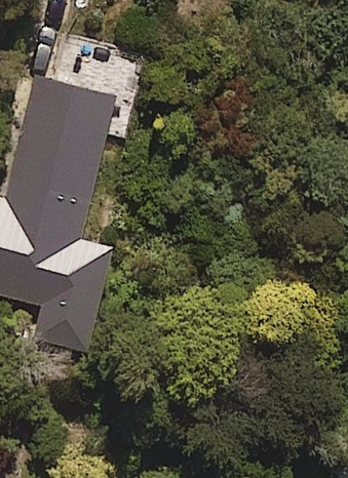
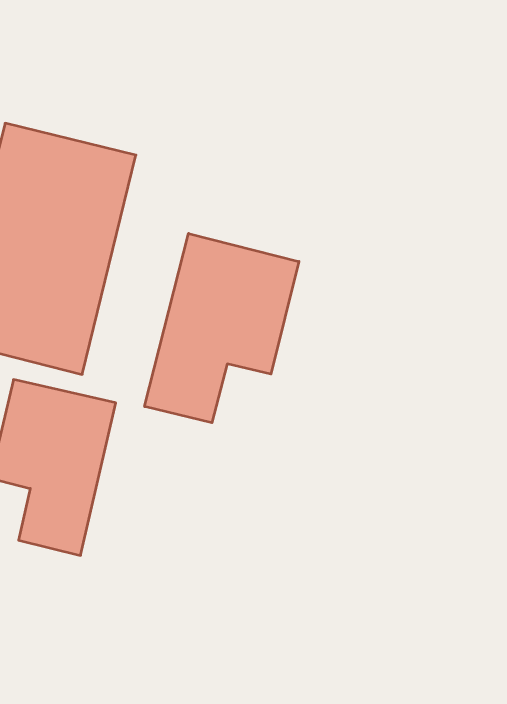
building: none -> [145,233,299,423]

